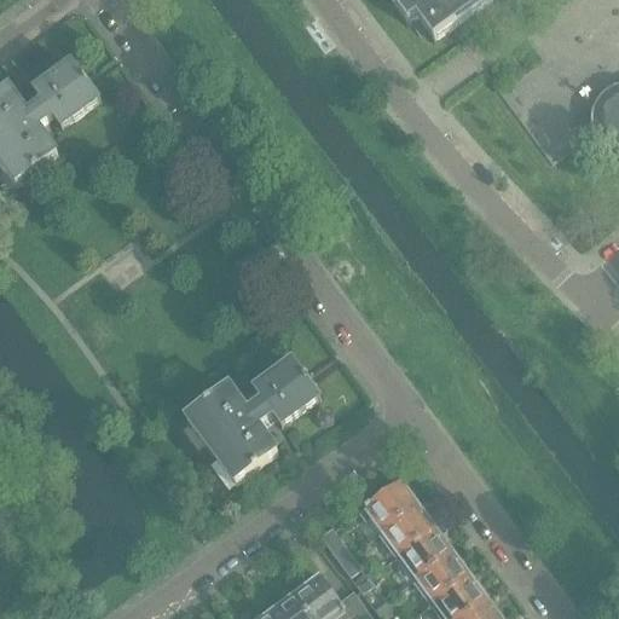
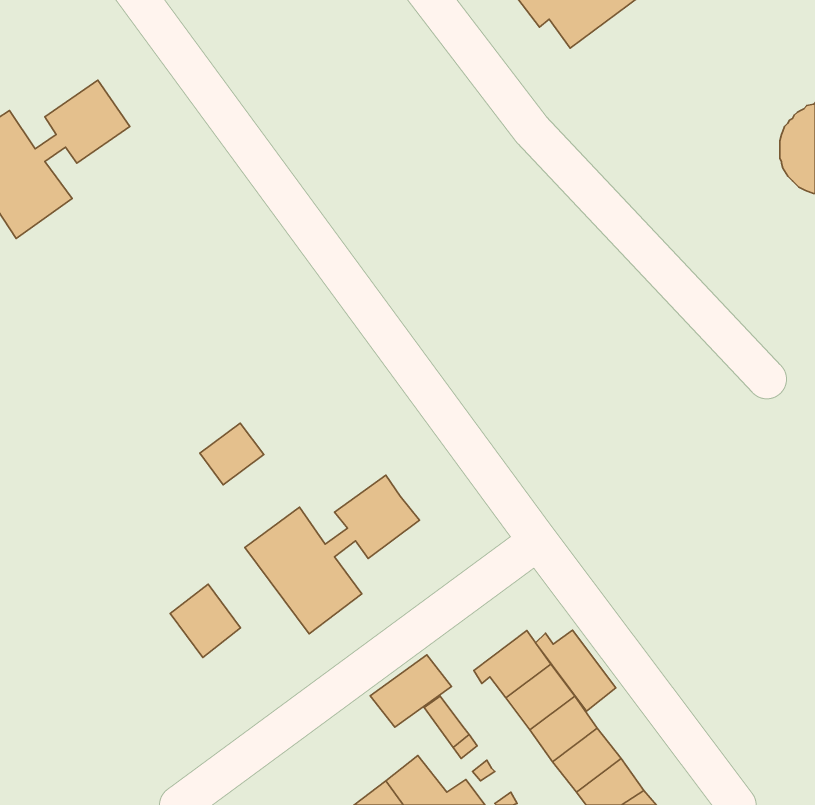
building: none -> [200,423,264,485]
building: none -> [170,584,241,657]
building: none -> [536,630,616,711]
building: none -> [370,655,452,727]

